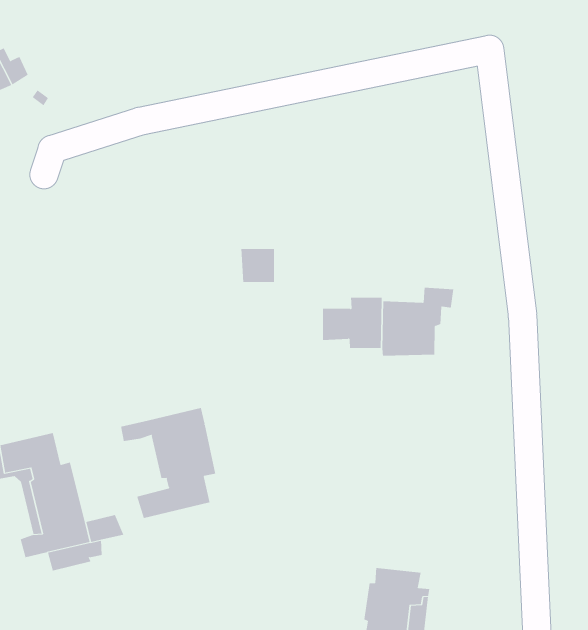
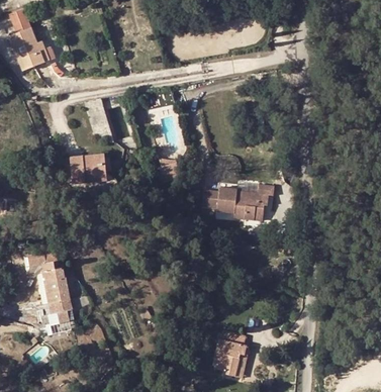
building: none -> [86,96,111,134]
building: none -> [69,155,107,184]
building: [121,407,216,519] -> none

